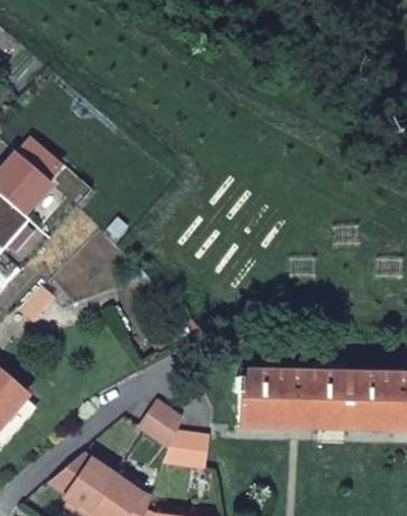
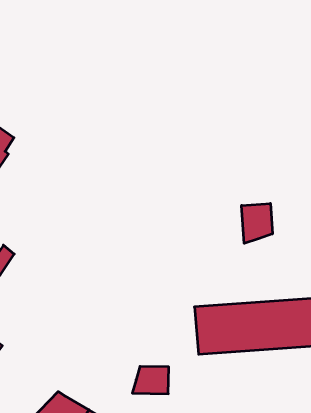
building: none -> [242,203,272,243]
building: [140,401,182,446] -> none

